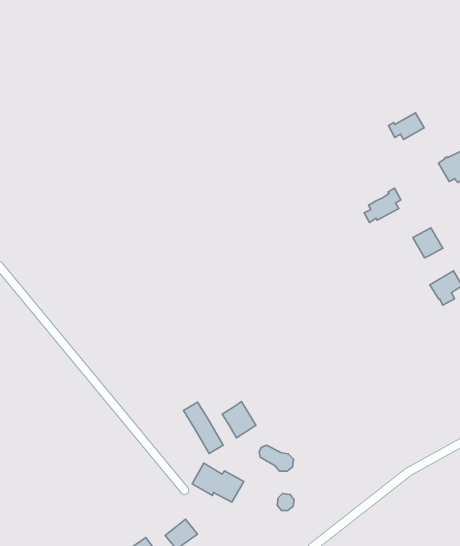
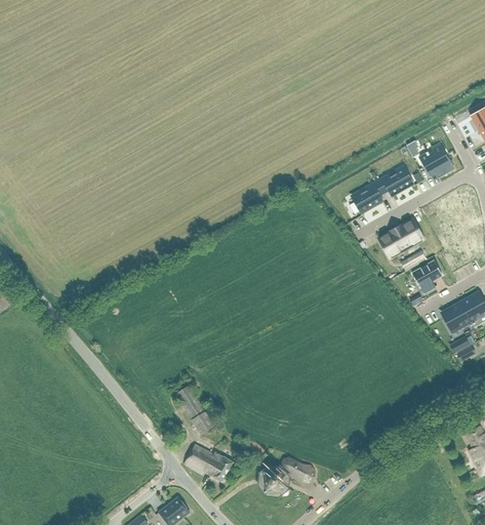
building: [389,113,424,140] -> [377,169,411,195]
building: none -> [378,229,406,258]
building: [222,401,256,438] -> none
building: [259,445,293,471] -> [282,457,315,482]

